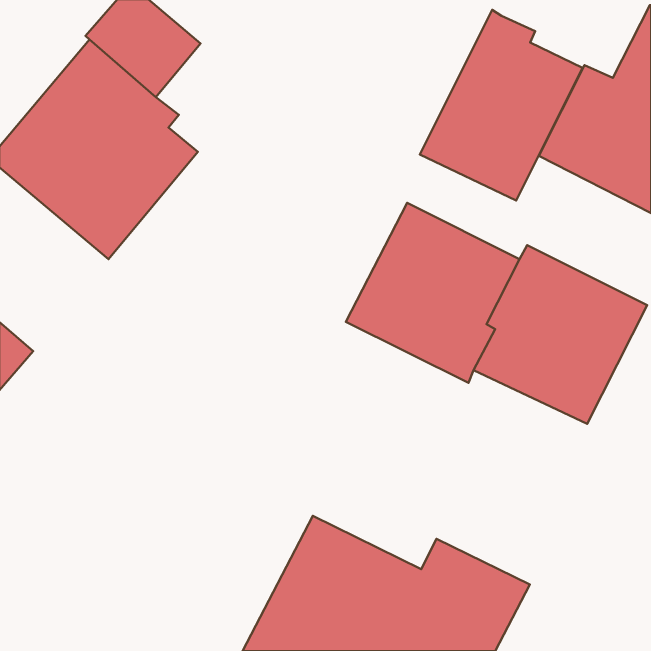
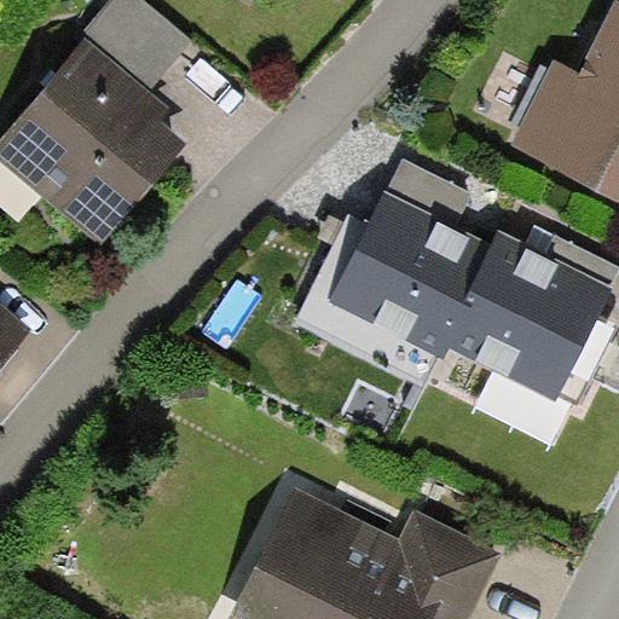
building: [420,10,583,201] -> none

